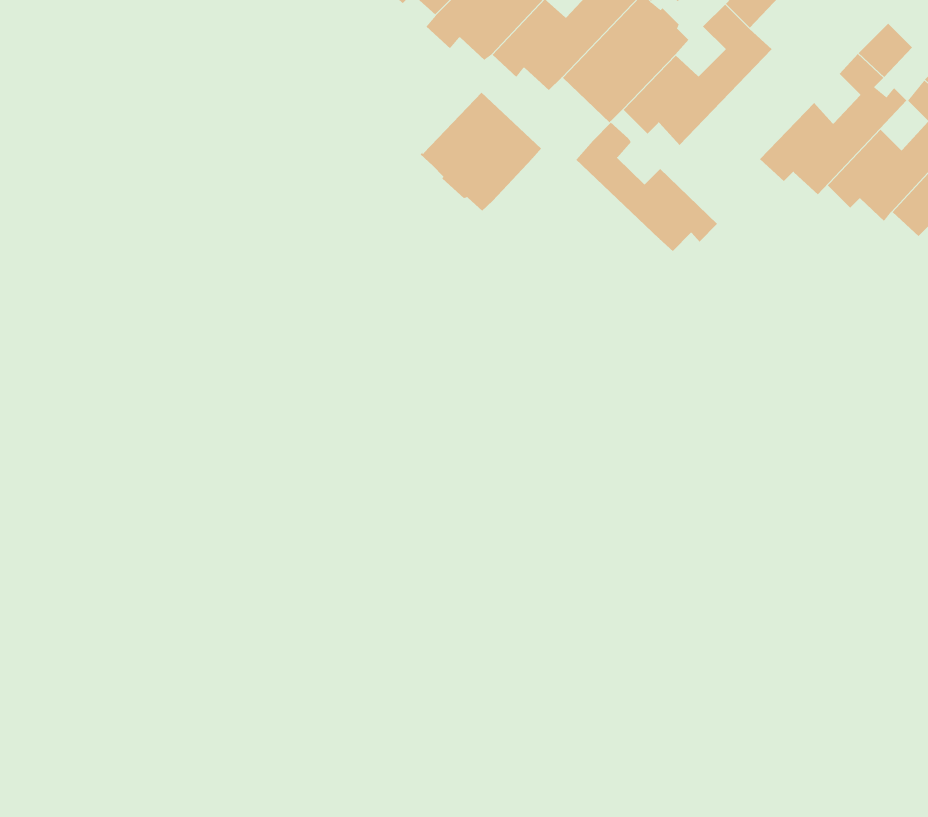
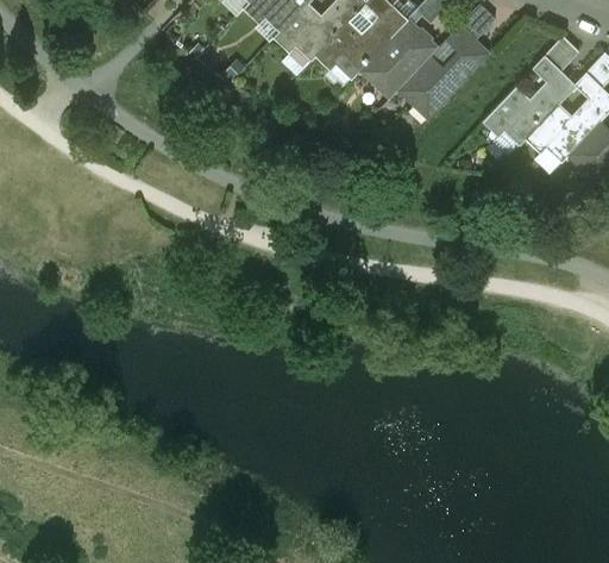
building: [420,92,542,211] -> none
building: [574,122,718,252] -> none

